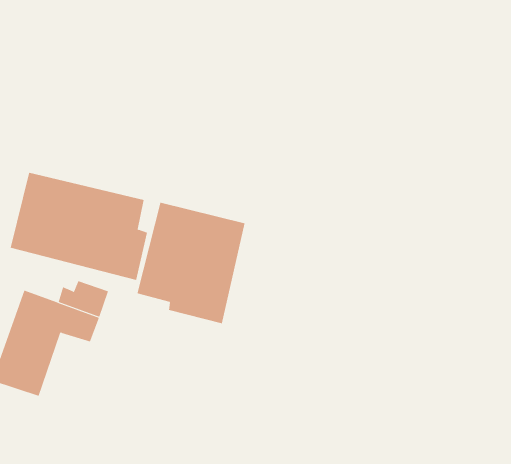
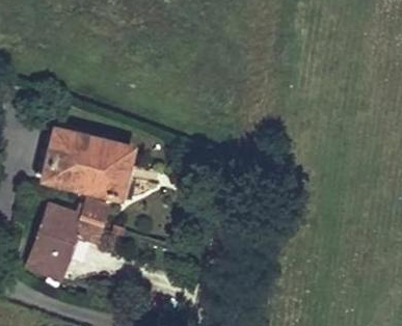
building: [137,202,245,324] -> none

